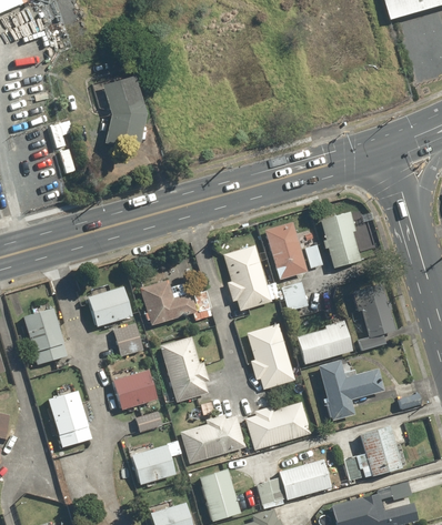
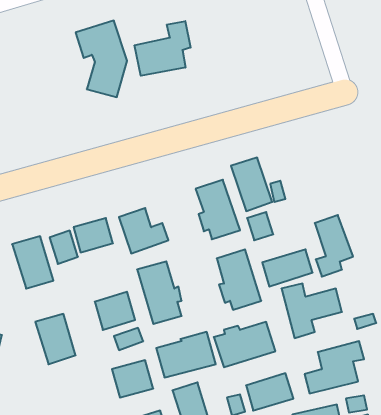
building: none -> [135,21,191,76]
building: [322,211,363,267] -> none
building: [112,321,143,357] -> [50,231,78,264]

